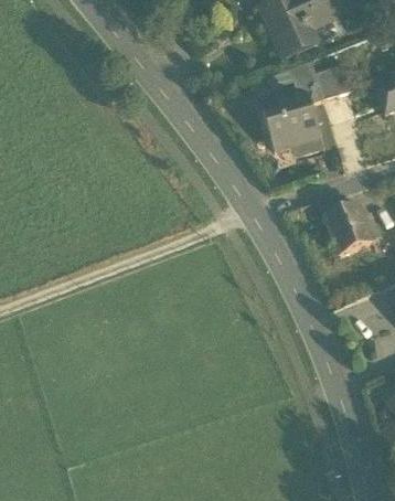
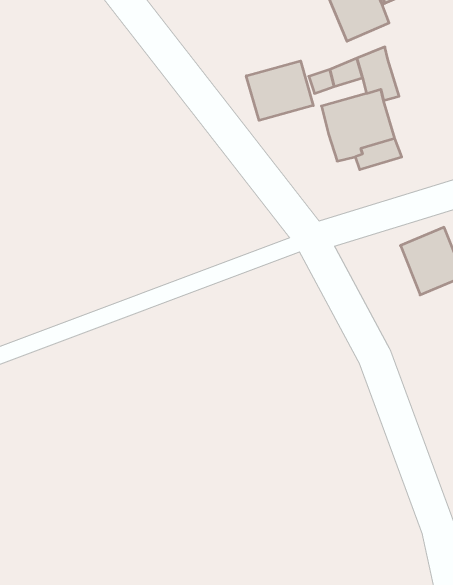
building: [317,62,354,99] -> none
building: none -> [246,61,313,120]

